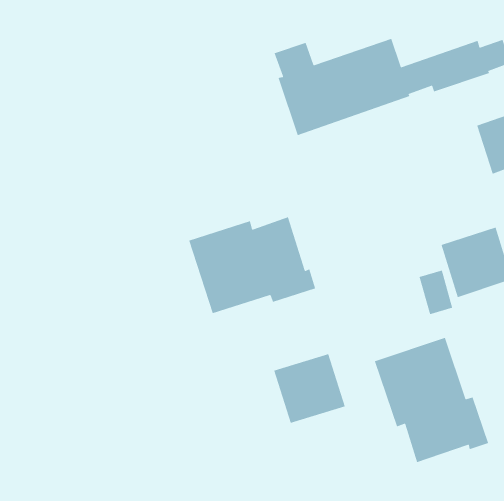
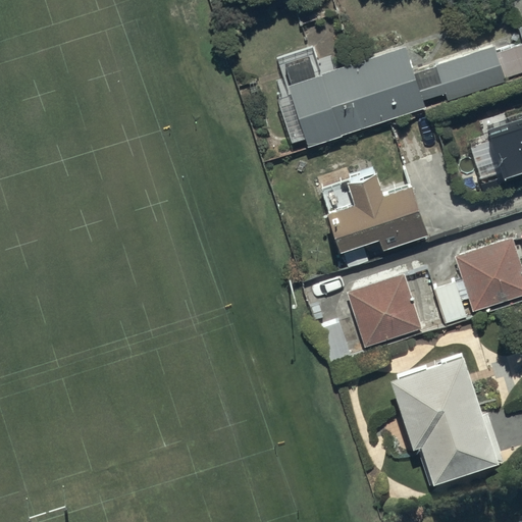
building: none -> [321,171,425,250]
building: [188,216,316,314] -> none
building: [273,353,346,424] -> [347,275,421,348]

